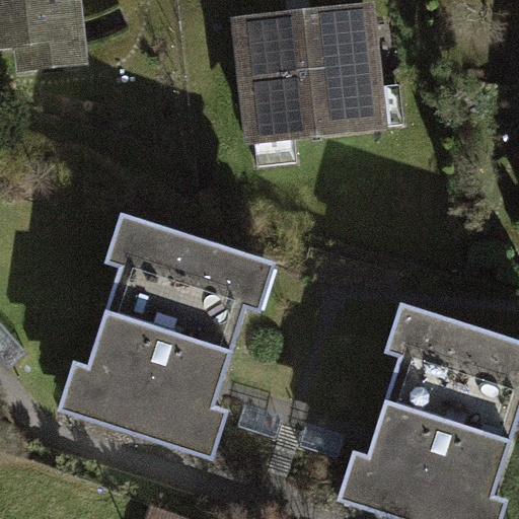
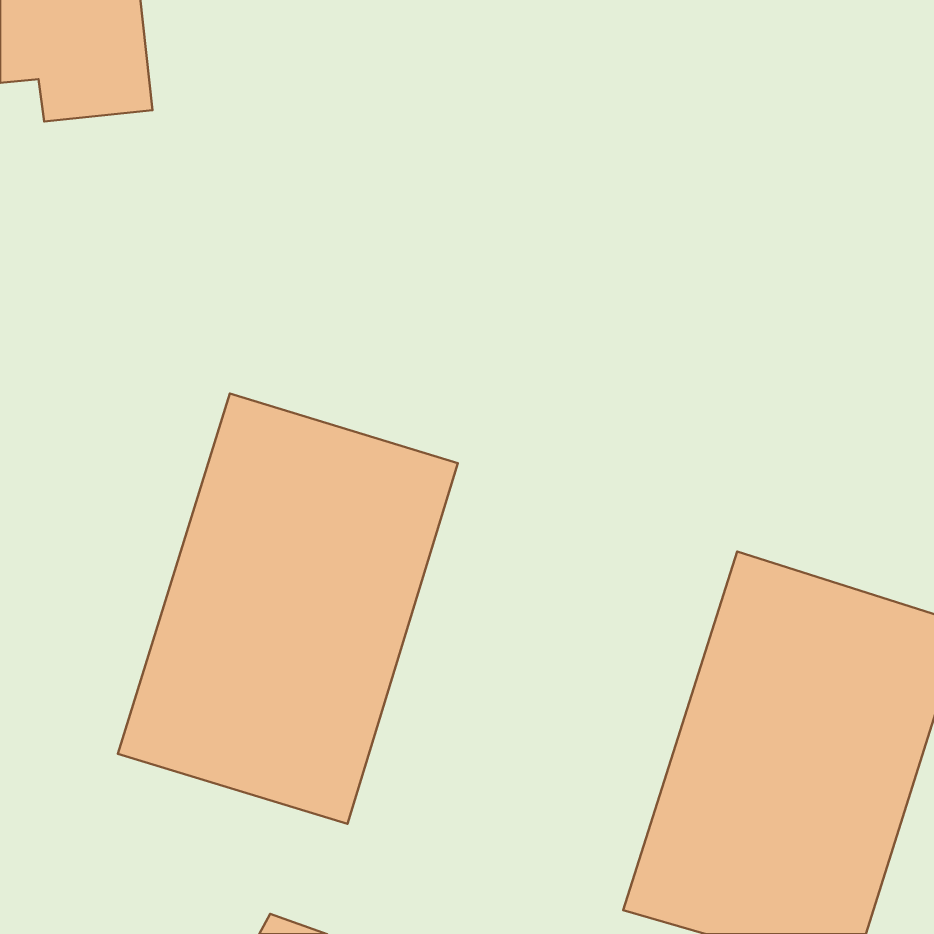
building: [243,4,400,151] -> none

